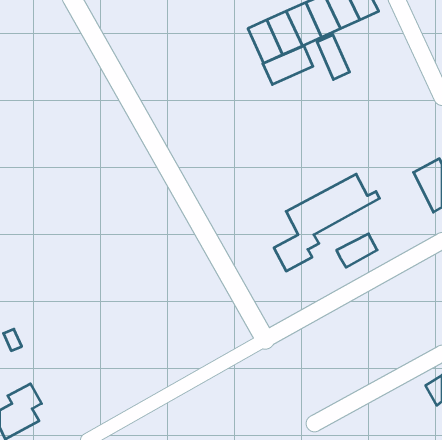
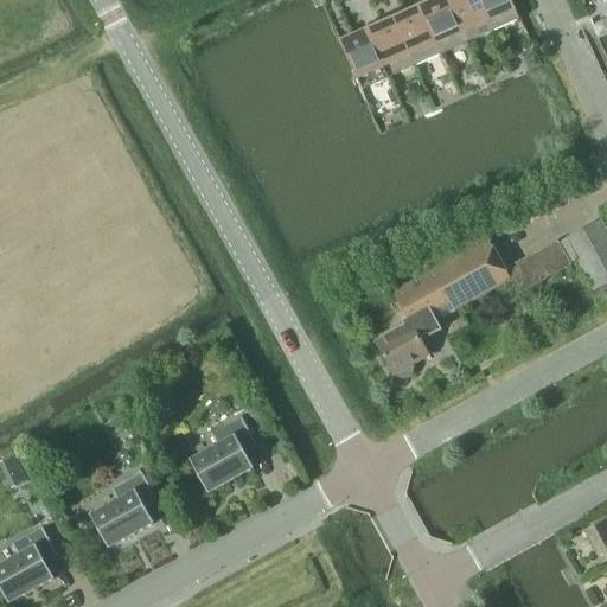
building: [317,35,350,80] -> none
building: [263,46,313,85] -> none
building: [337,234,377,267] -> [515,239,570,286]
building: none -> [189,415,256,491]
building: none -> [89,469,156,545]

